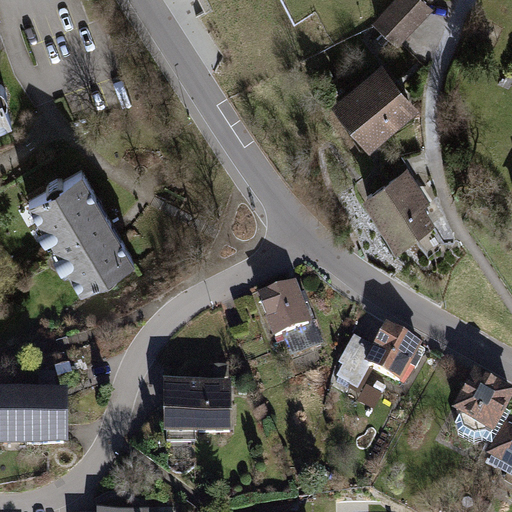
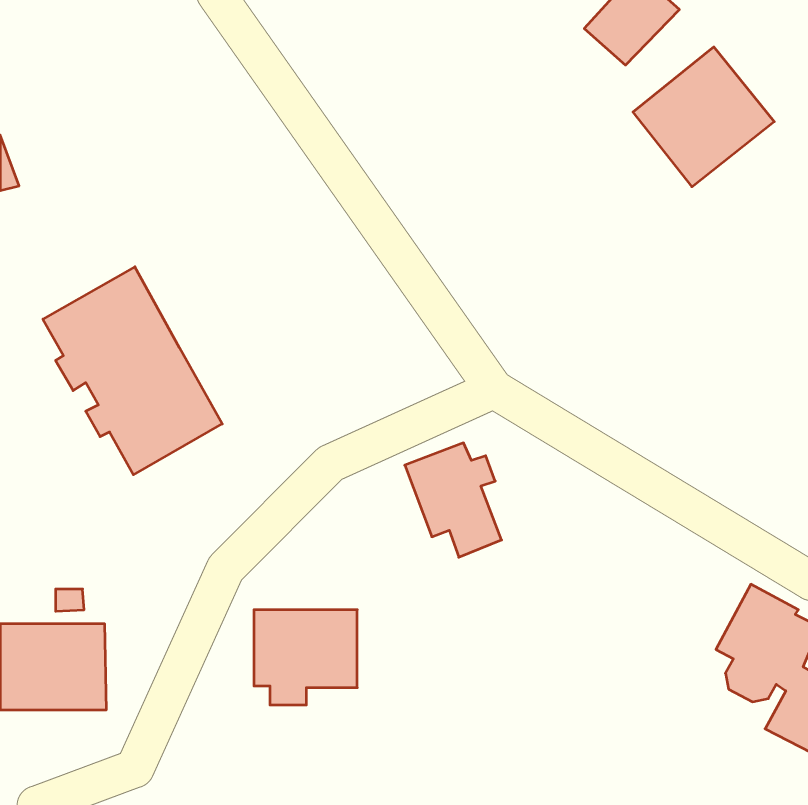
building: [328,58,417,146] -> [633,47,774,187]
building: [361,167,435,248] -> none
building: [335,319,427,392] -> none

